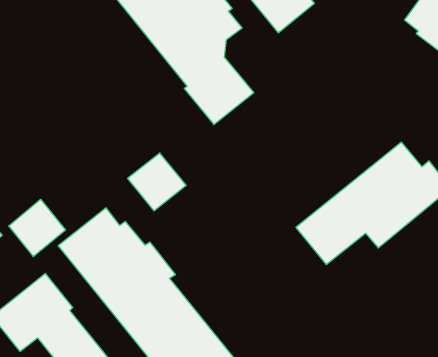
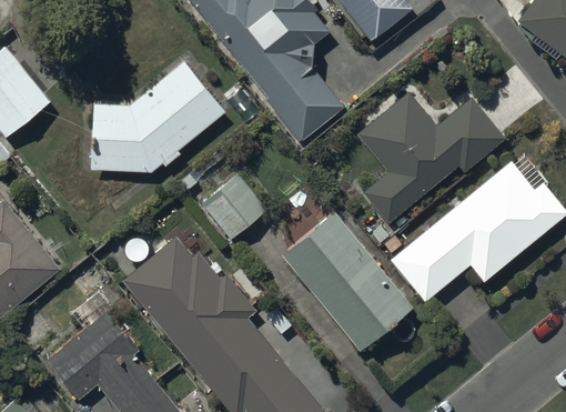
building: none -> [91,61,225,172]
building: none -> [356,92,506,224]
building: none -> [283,211,414,351]
building: [9,199,65,257] -> none

